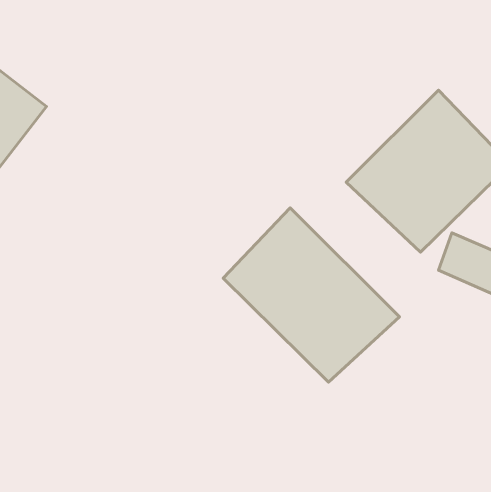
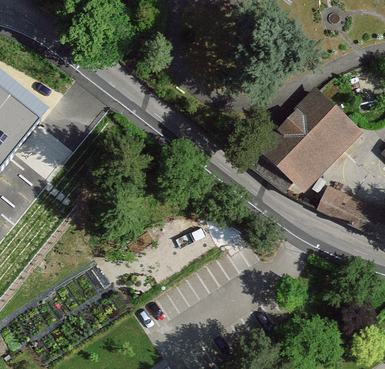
building: [223,208,399,382] -> none

